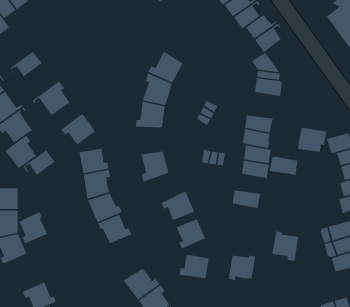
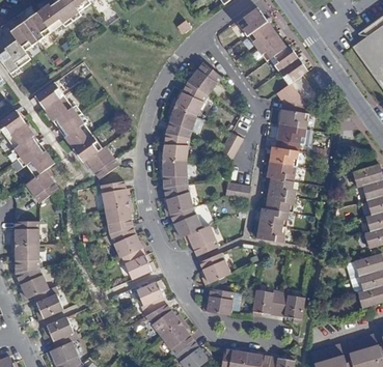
building: none -> [184,61,222,94]
building: none -> [45,94,81,133]
building: [297,127,328,152] -> [275,124,306,150]
building: none -> [158,160,187,187]
building: [22,149,56,176] -> [67,135,102,162]
building: [269,156,298,176] -> [258,207,289,227]
building: none -> [170,206,202,239]
building: [18,211,48,245] -> [33,285,63,319]
building: [272,230,299,262] -> [277,290,305,322]
building: none -> [137,279,166,315]

